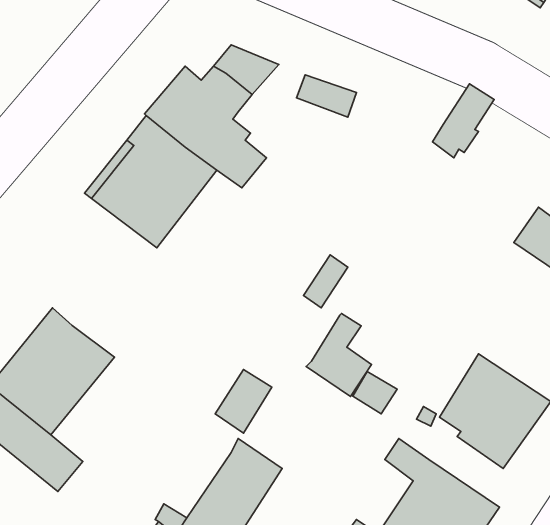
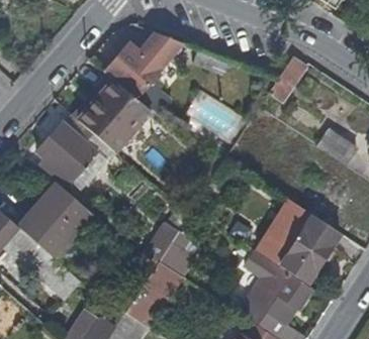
building: none -> [35,124,98,192]
building: [306,313,372,396] -> [161,226,198,273]

